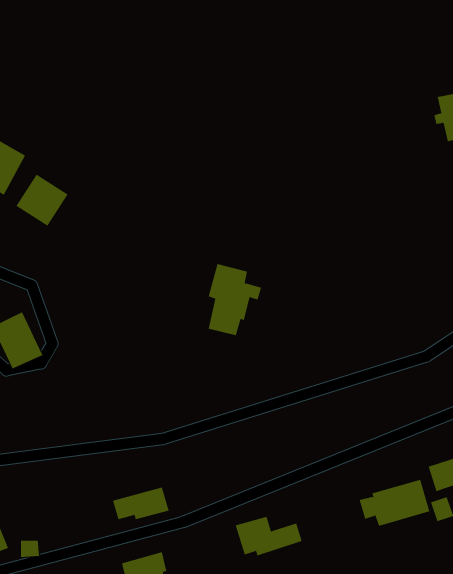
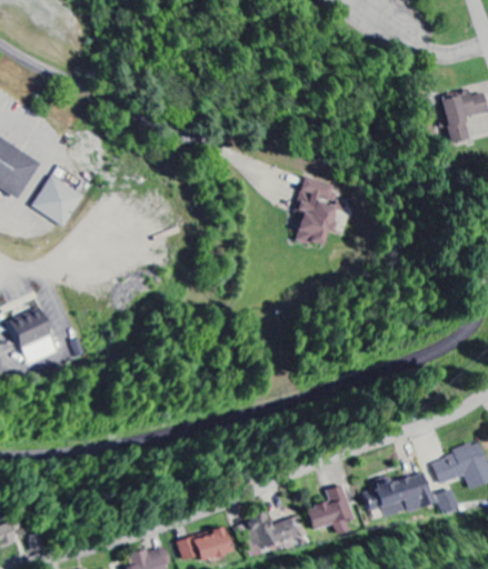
building: [208,263,262,336] -> [295,179,347,249]
building: [112,487,170,520] -> [183,526,239,558]
building: none -> [310,485,356,535]

